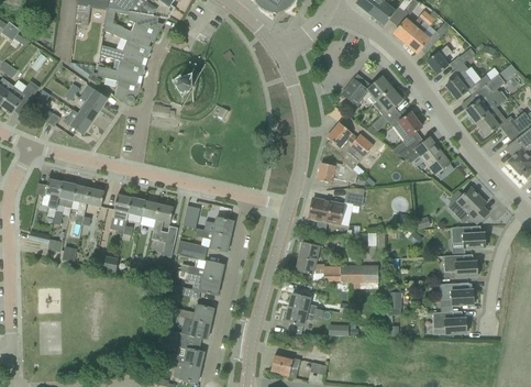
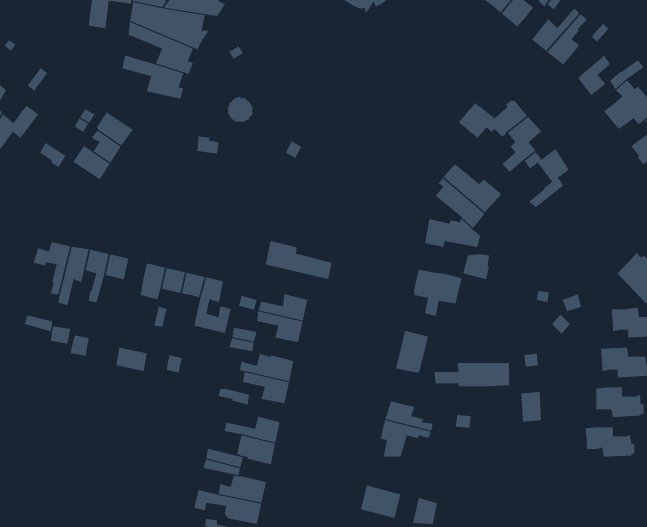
building: [97,65,142,103] -> none
building: [397,136,450,174] -> none
building: none -> [264,240,332,280]

